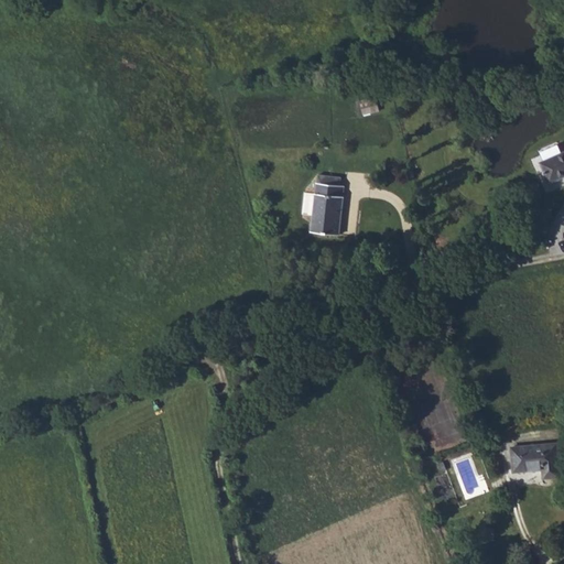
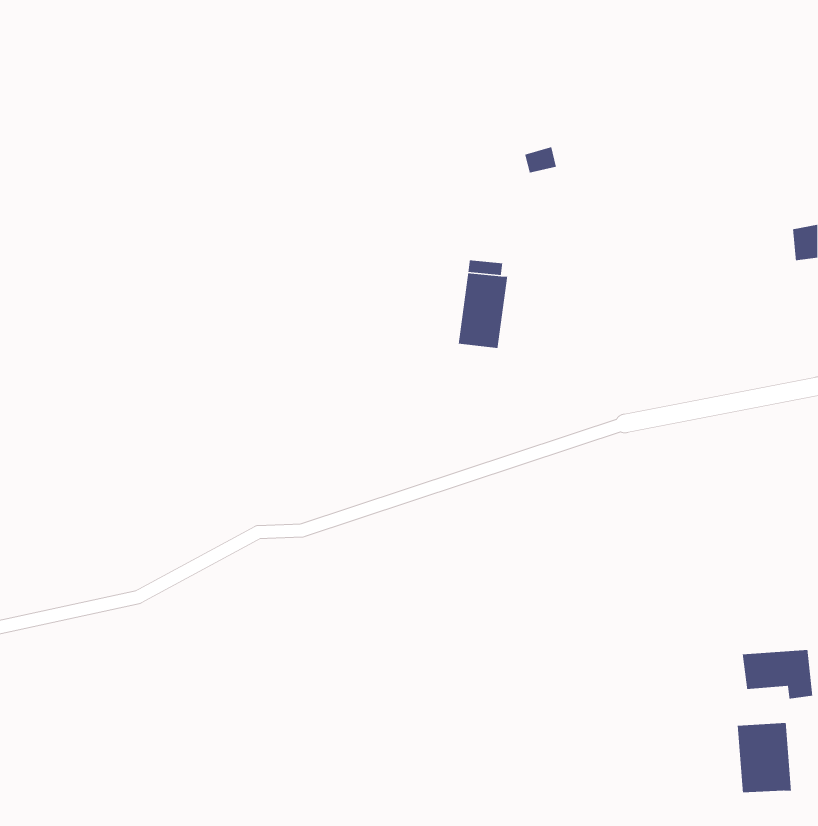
building: none -> [737,722,792,793]

